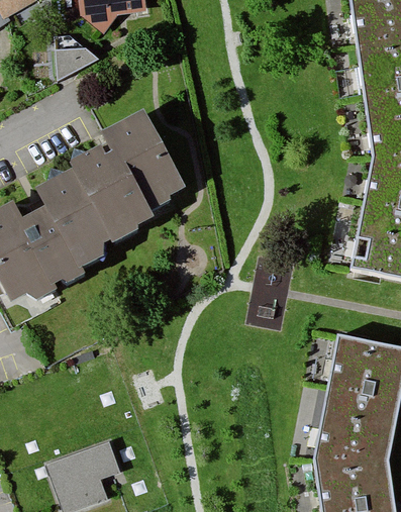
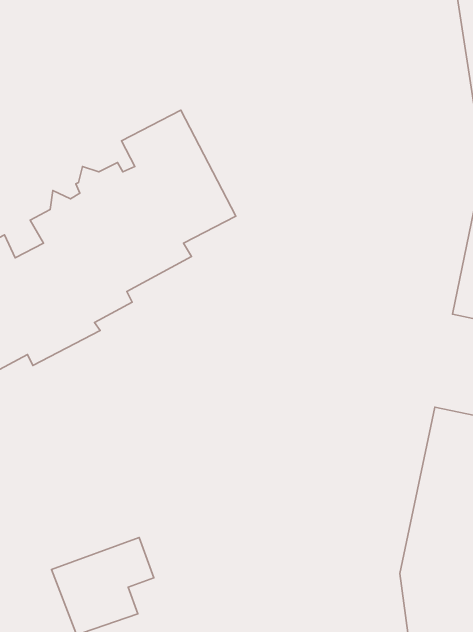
building: [55,46,98,85] -> none

